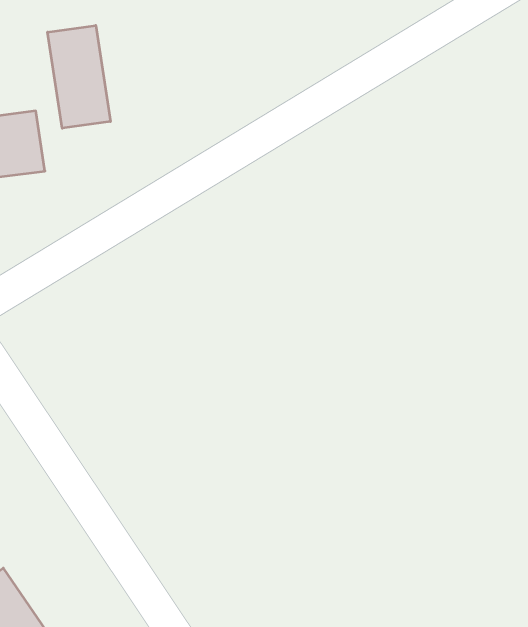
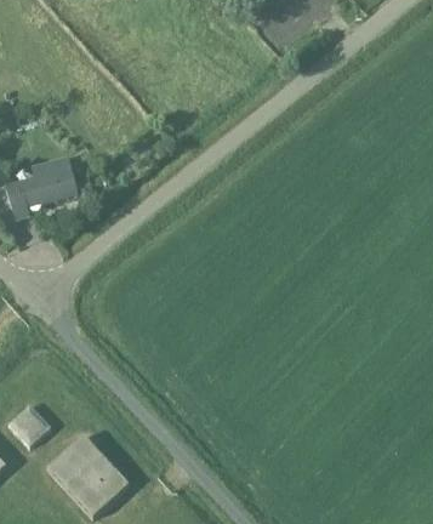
building: [48,25,110,128] -> none

